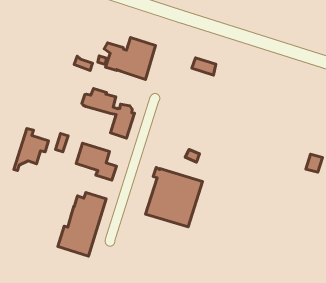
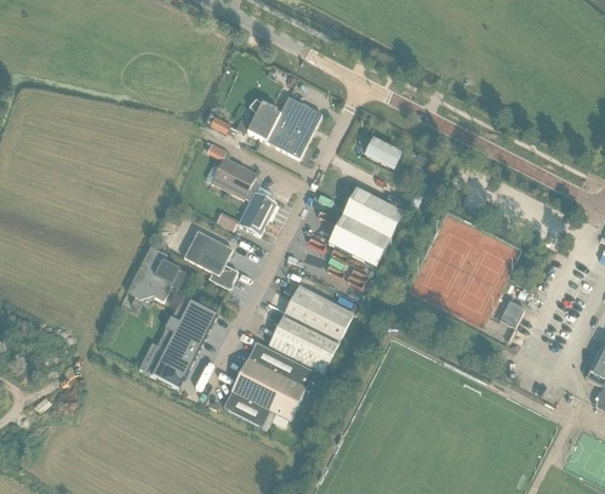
building: none -> [329,187,405,267]
building: [14,129,48,171] -> [131,250,186,306]
building: none -> [223,341,314,430]

